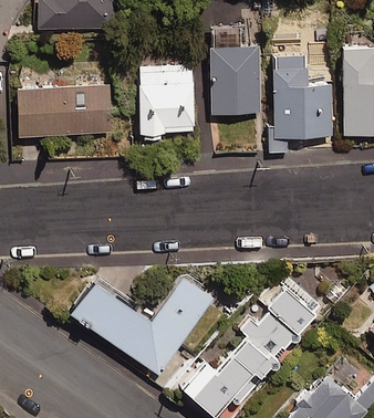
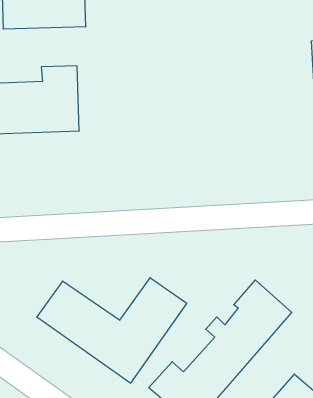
building: [208,44,260,114] -> none
building: [269,52,331,154] -> none
building: [135,60,193,134] -> none

